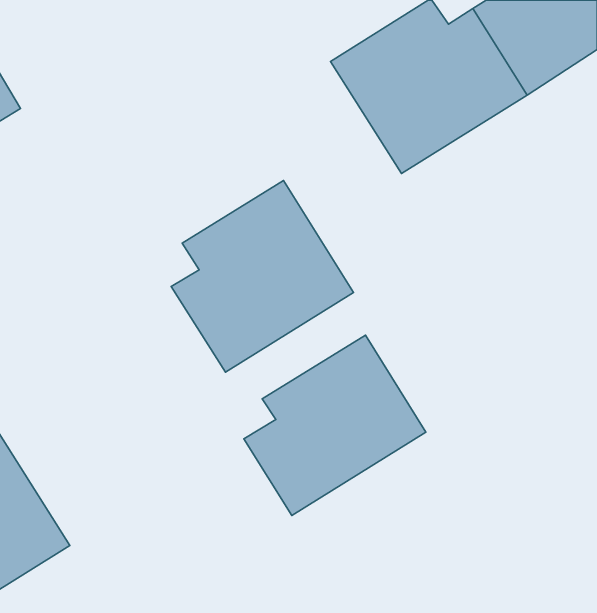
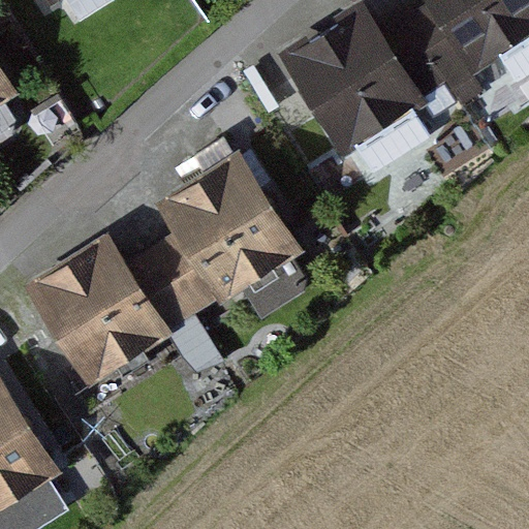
building: none -> [25,239,193,390]
building: [244,335,426,515] -> none

